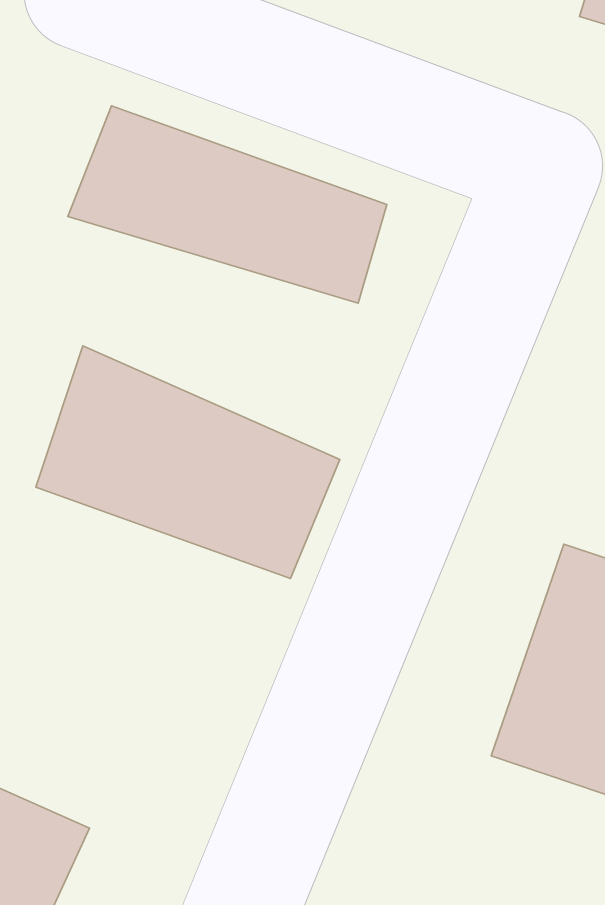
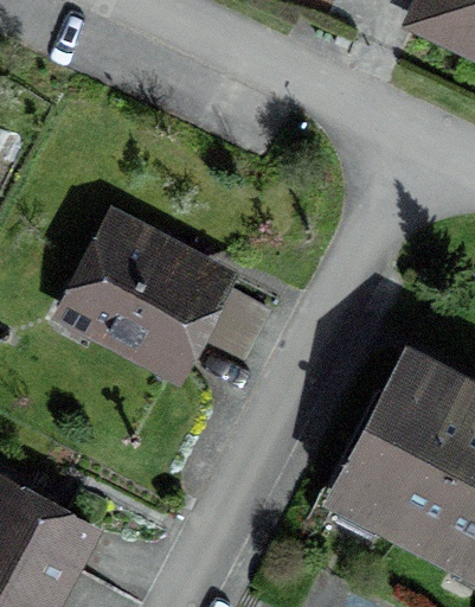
building: [68,106,387,303] -> none

